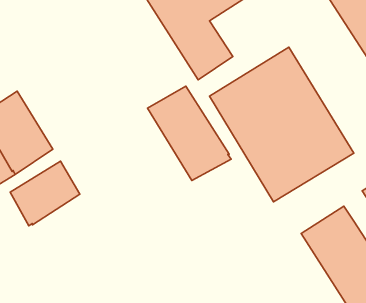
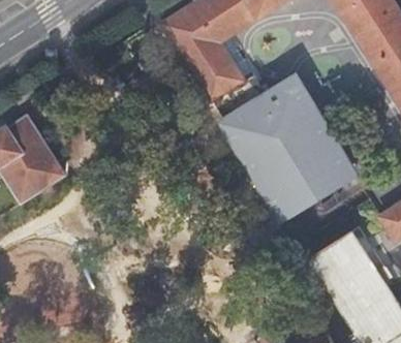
building: [148,86,231,180] -> none
building: [10,161,80,226] -> none

